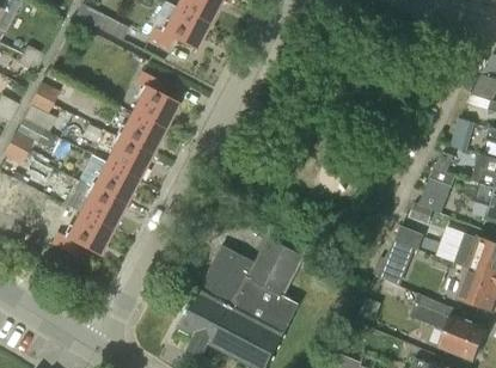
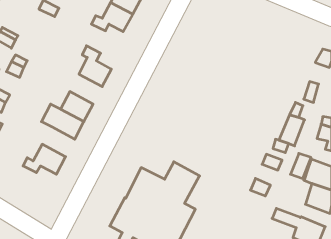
building: [118,111,165,154] -> none
building: [79,186,125,229] -> none

